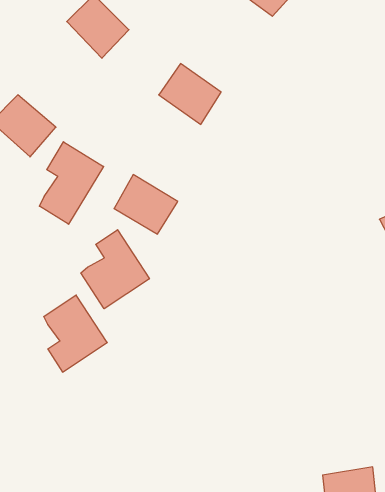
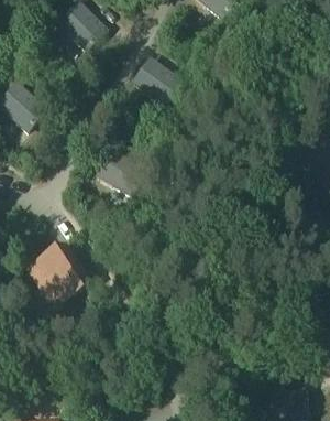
building: [39,142,104,224] -> none
building: [81,230,149,309] -> none

